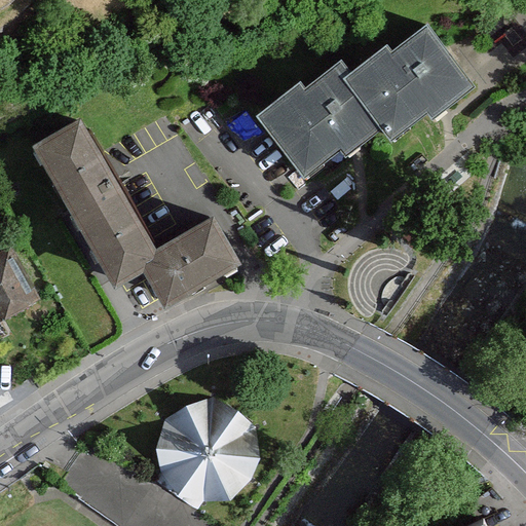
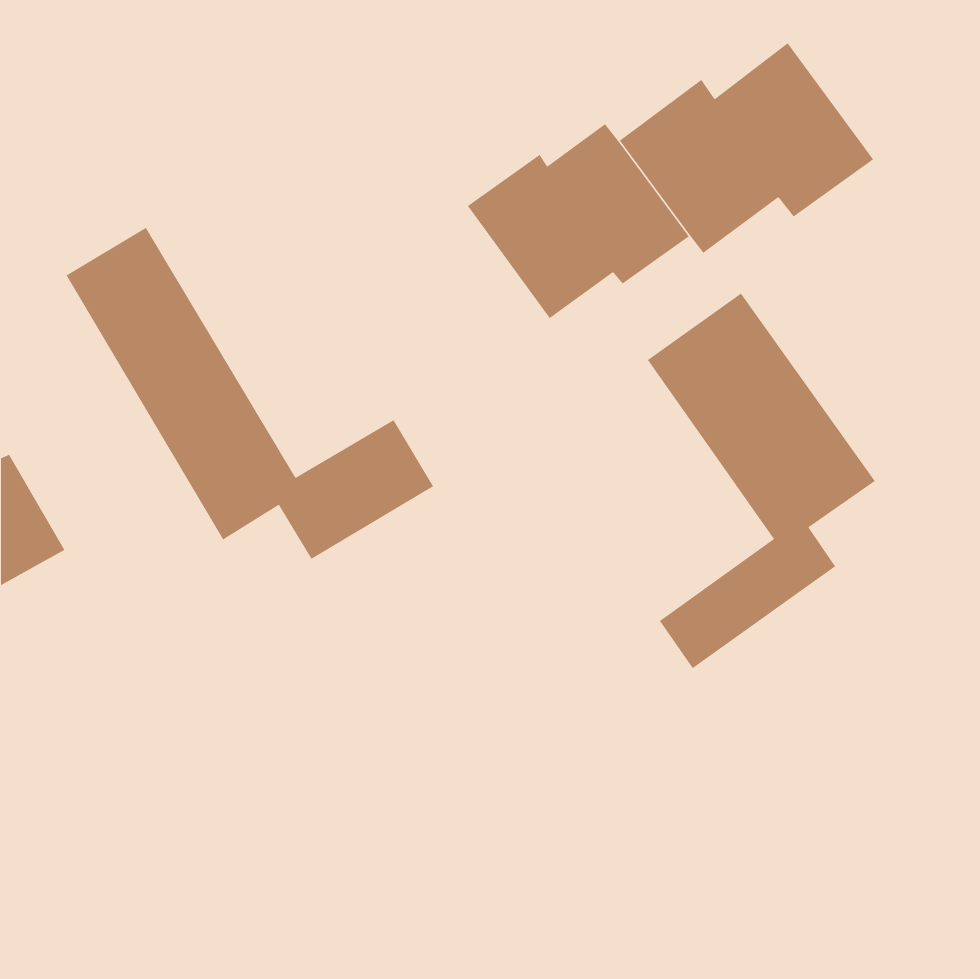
building: none -> [647,293,876,669]
building: [156,400,261,512] -> none

